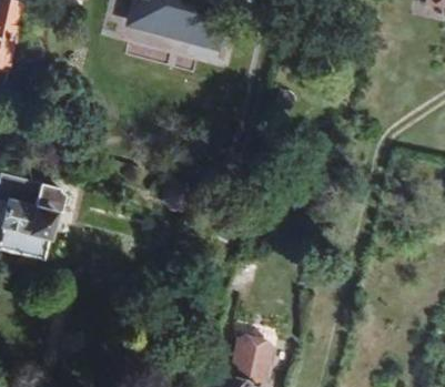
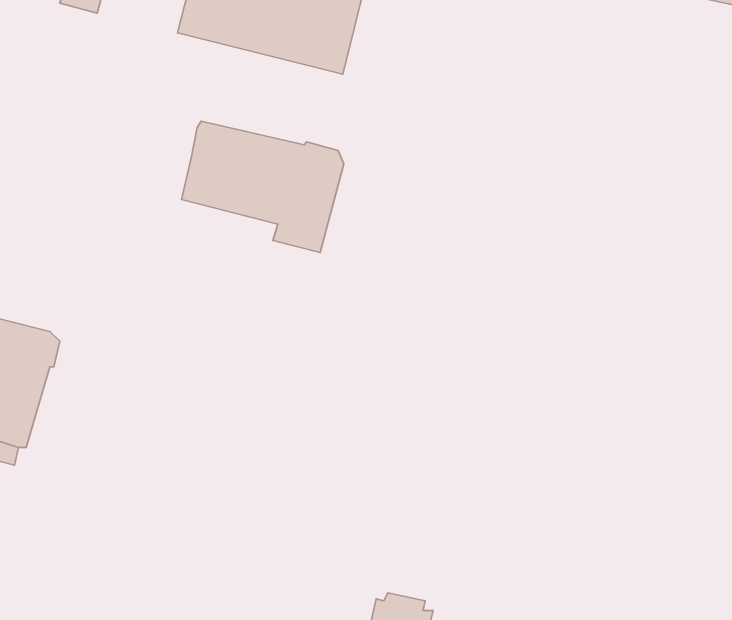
building: none -> [181,121,344,253]

